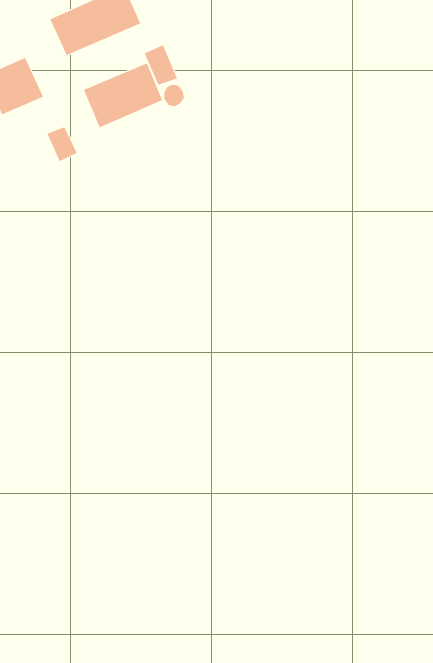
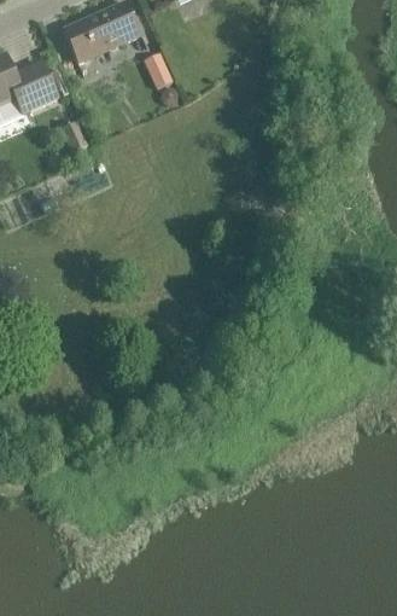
building: [83,63,163,128] -> none

